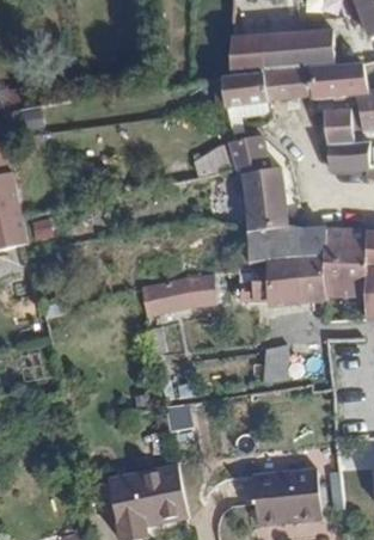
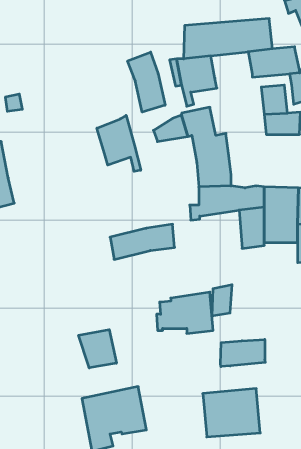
building: [262,68,311,99] -> none
building: none -> [128,52,165,112]
building: none -> [97,115,141,171]
building: [232,256,299,305] -> [157,292,213,333]
building: none -> [79,330,116,368]
building: none -> [220,339,265,367]

